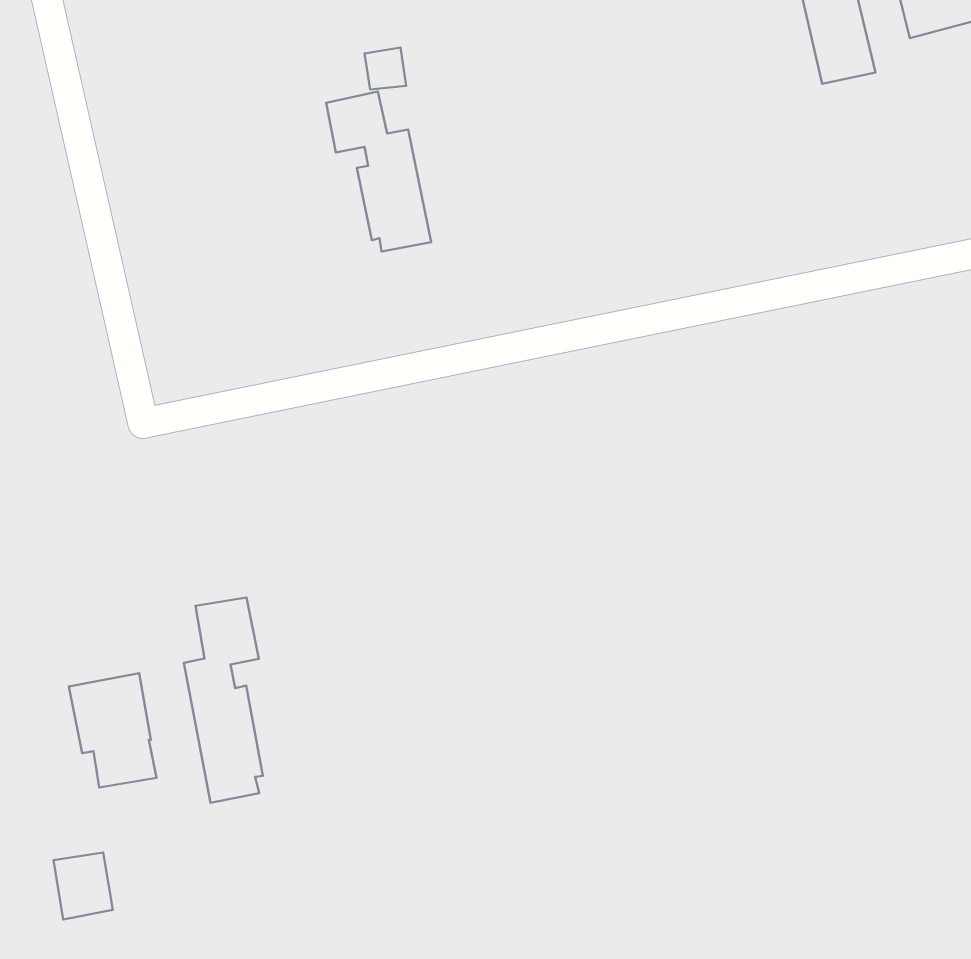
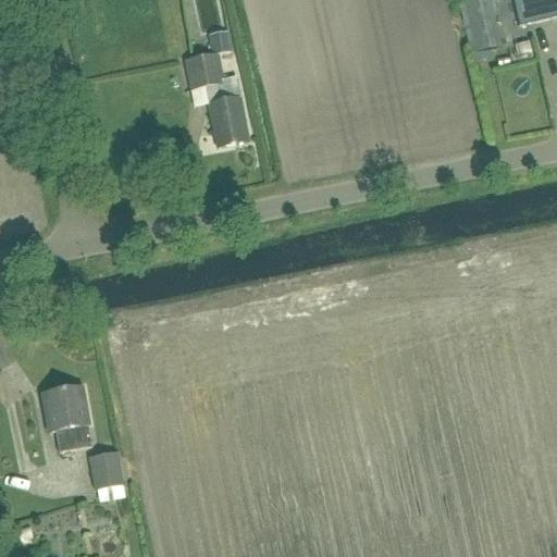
building: [184,597,263,803] -> none
building: [54,853,113,919] -> [90,450,124,488]

